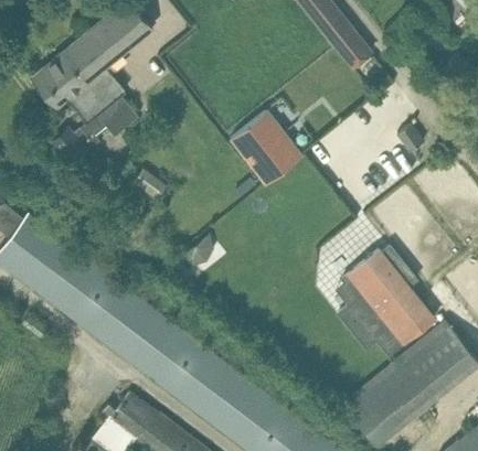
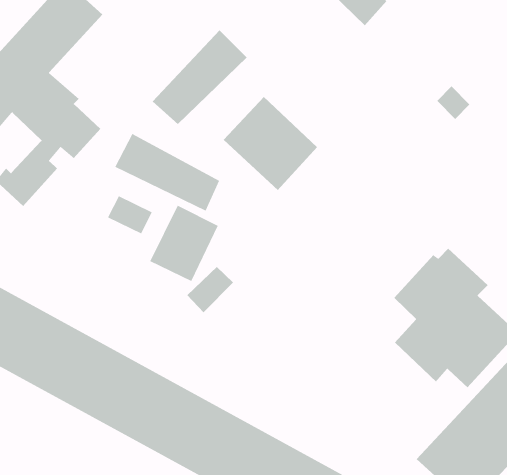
building: none -> [152,30,247,125]
building: none -> [115,133,220,212]
building: none -> [149,205,219,282]

